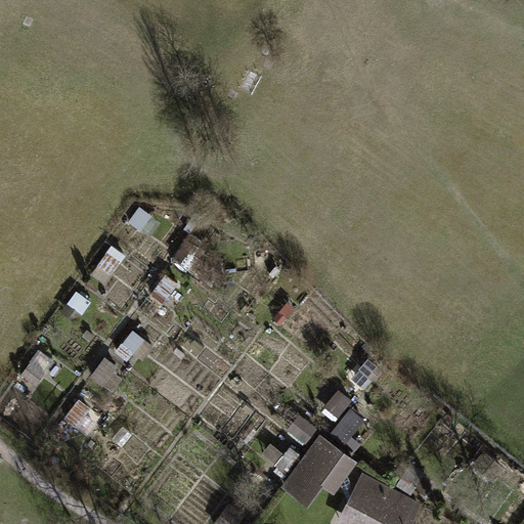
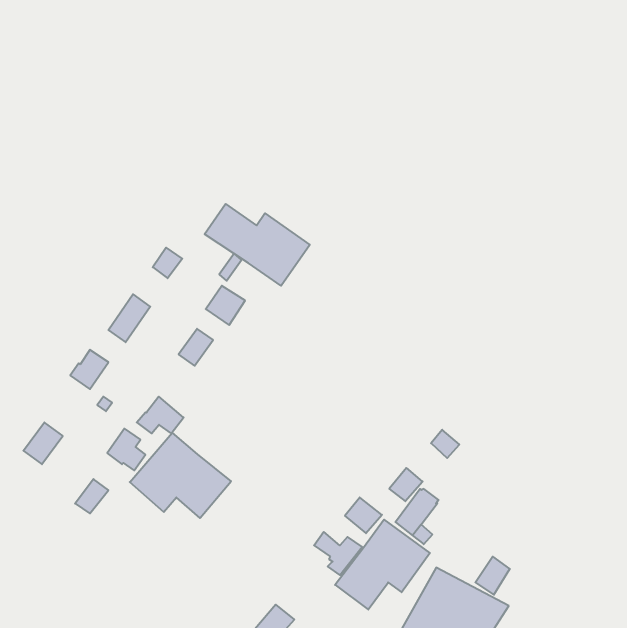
building: none -> [205,204,310,286]
building: none -> [130,433,231,518]

